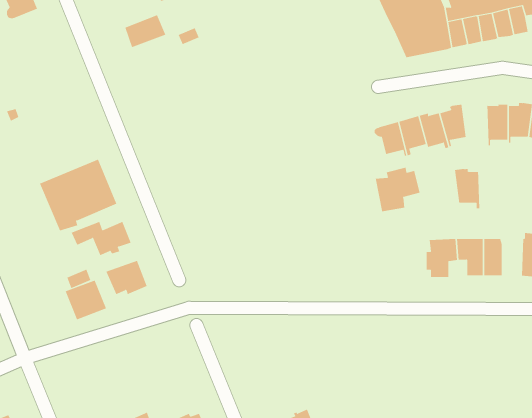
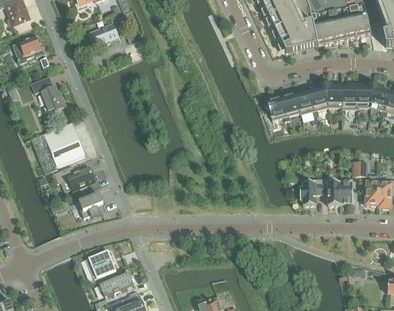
building: none -> [12,35,40,62]
building: none -> [30,76,65,112]
building: [375,167,420,212] -> none
building: [454,169,480,209] -> [324,83,342,111]
building: [65,280,107,320] -> [86,250,115,278]
building: none -> [98,271,133,296]

